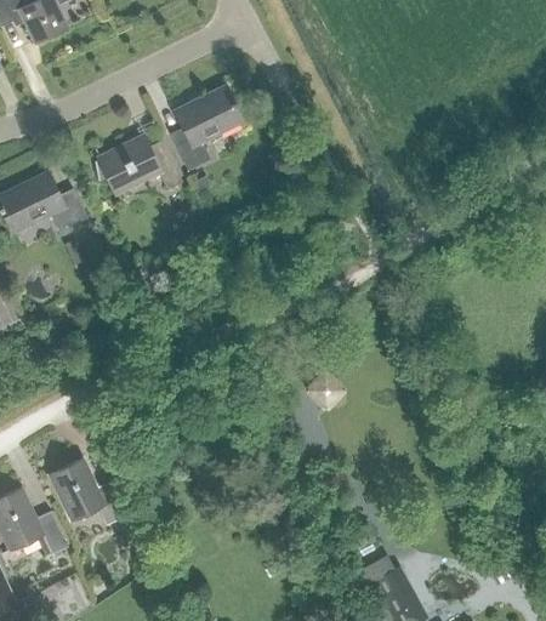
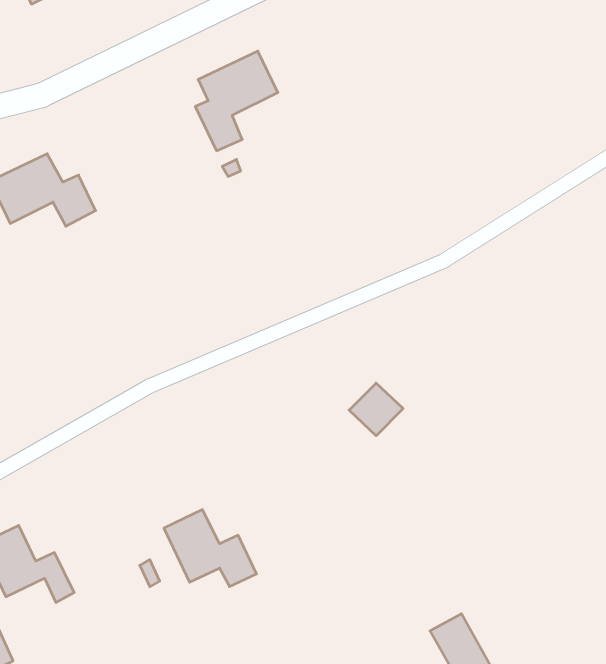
building: [93,129,181,201] -> none
building: [47,458,126,524] -> [164,510,257,587]

